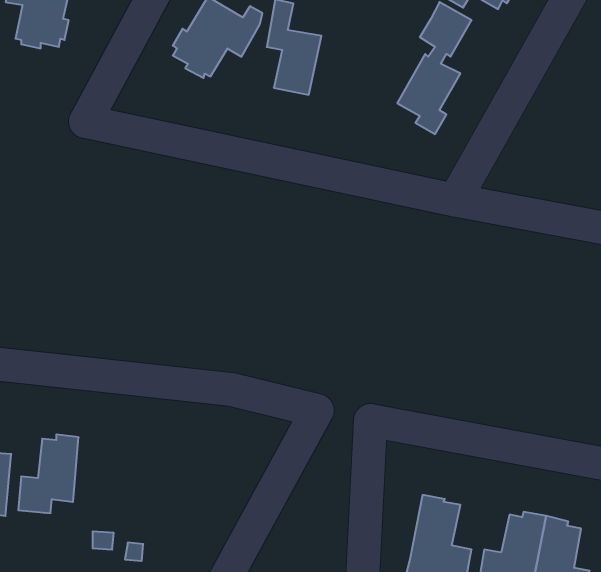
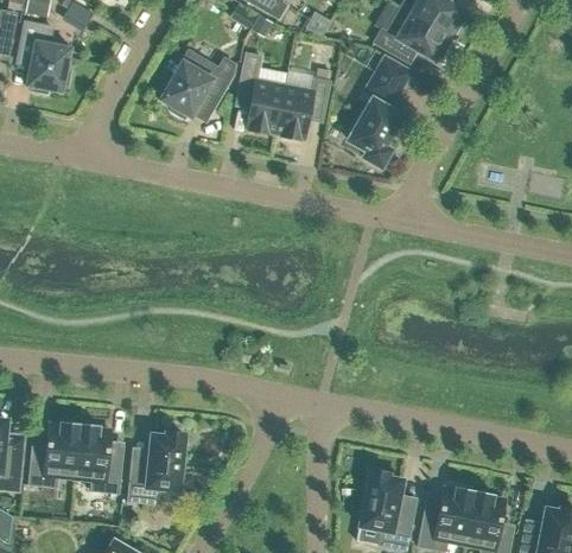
building: none -> [274,77,330,138]
building: none -> [75,421,121,491]
building: none -> [127,432,184,502]

